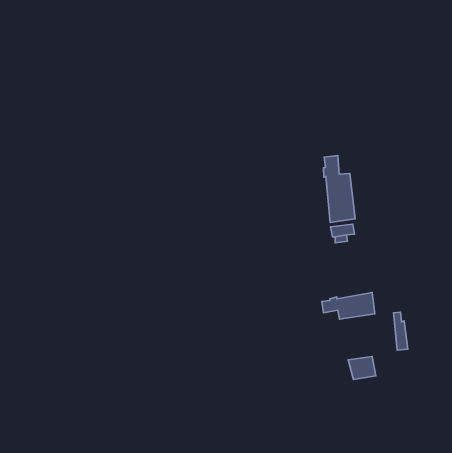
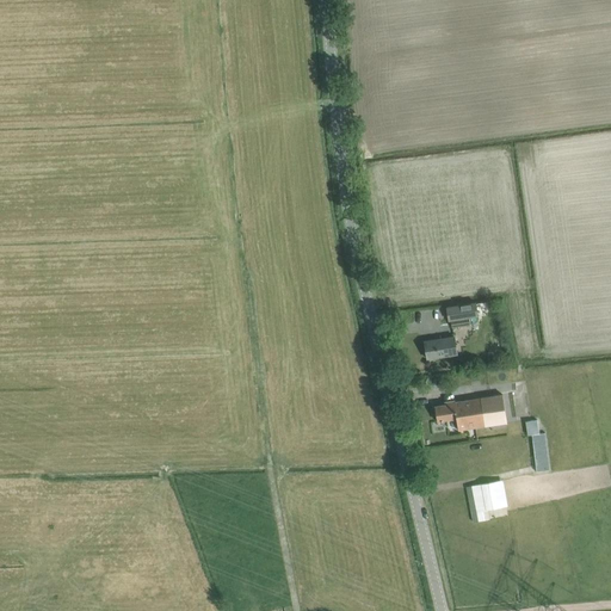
building: [324,156,355,222] -> none
building: none -> [424,337,456,358]

